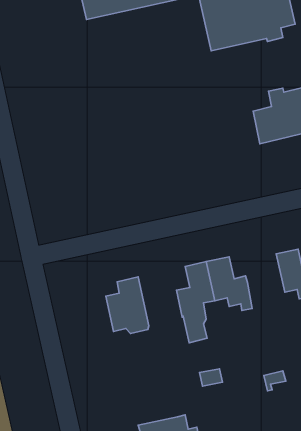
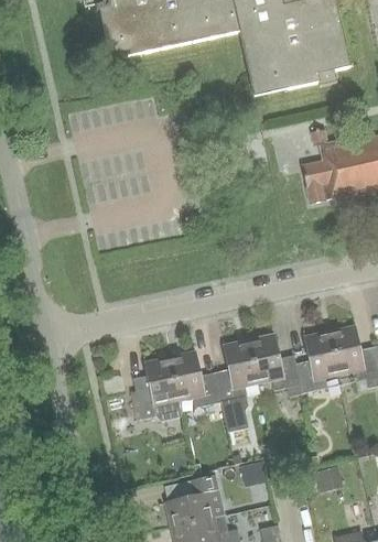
building: none -> [294,329,337,392]
building: none -> [169,350,219,412]
building: none -> [163,475,224,527]

